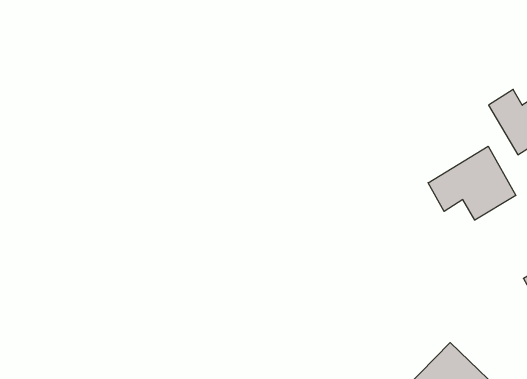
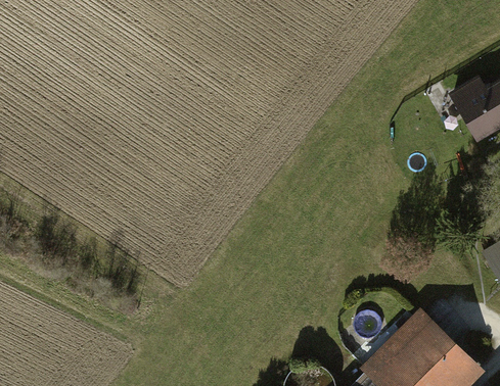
building: [428,146,516,220] -> none

